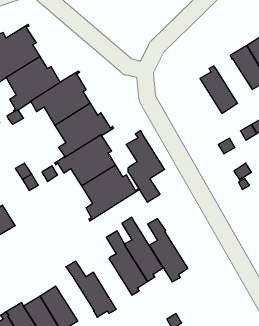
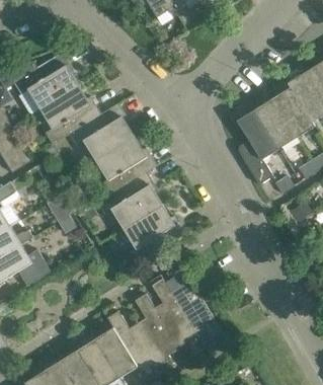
building: none -> [272,87,315,137]
building: [126,131,165,202] -> [236,105,278,184]
building: [147,219,188,282] -> [135,294,179,364]
building: none -> [95,327,138,377]

